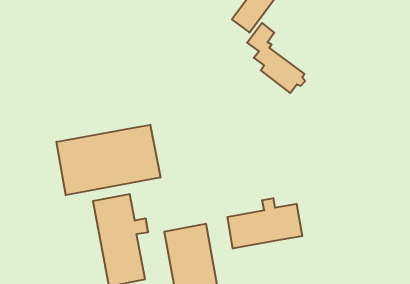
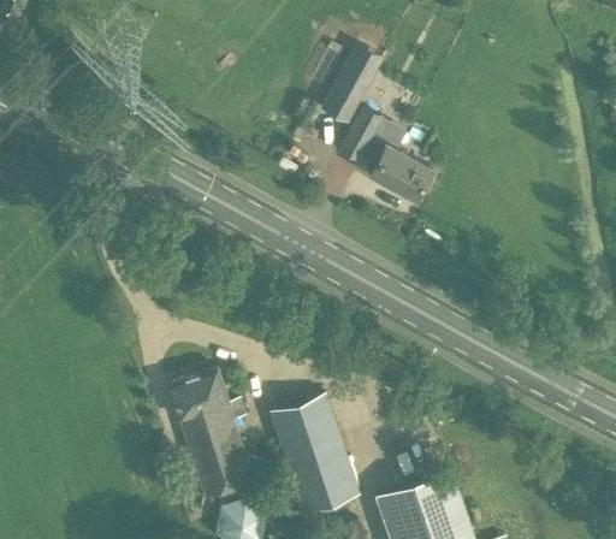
building: [56,125,160,195] -> none
building: [227,198,302,249] -> none

